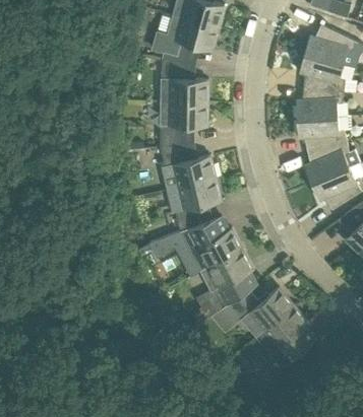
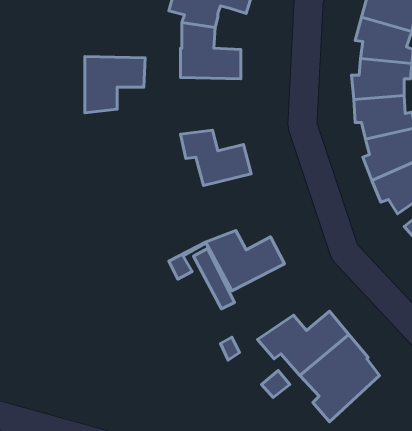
building: [160,101,207,146] -> [85,56,145,113]
building: [175,178,221,231] -> none
building: [200,249,258,308] -> none

